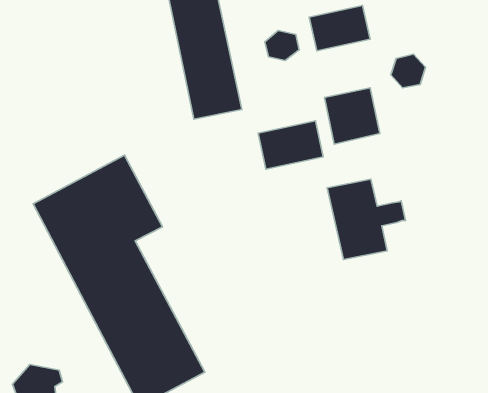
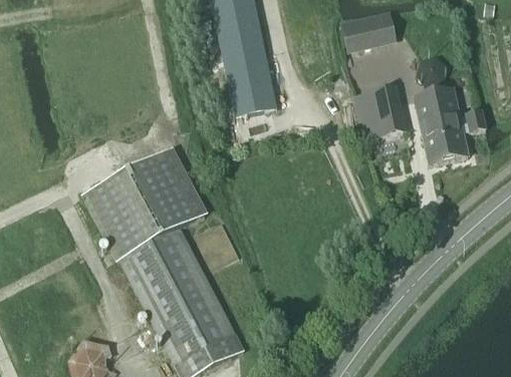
building: [265,30,299,61] -> none
building: [258,121,323,169] -> none
building: [327,179,406,259] -> [413,88,485,162]

